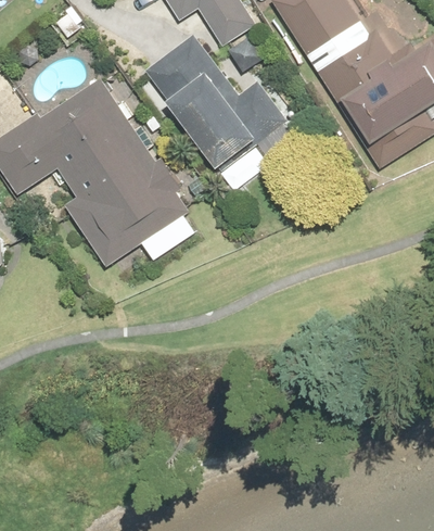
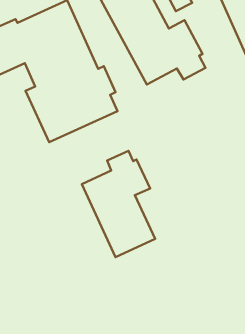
building: none -> [82,151,155,257]

